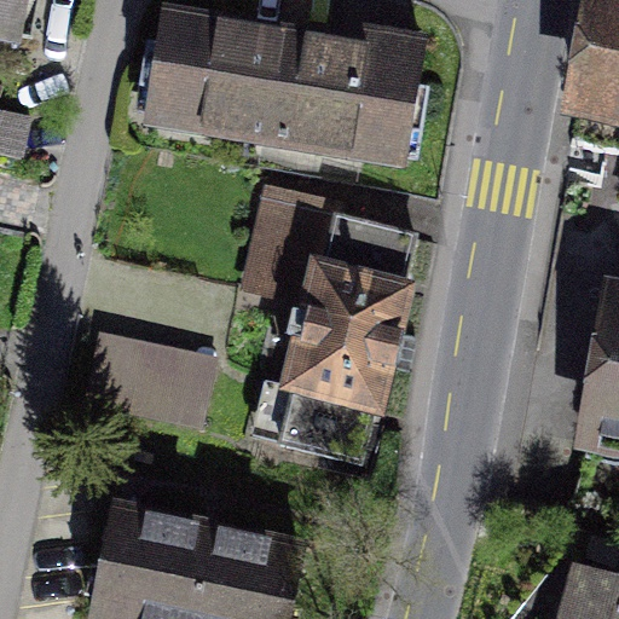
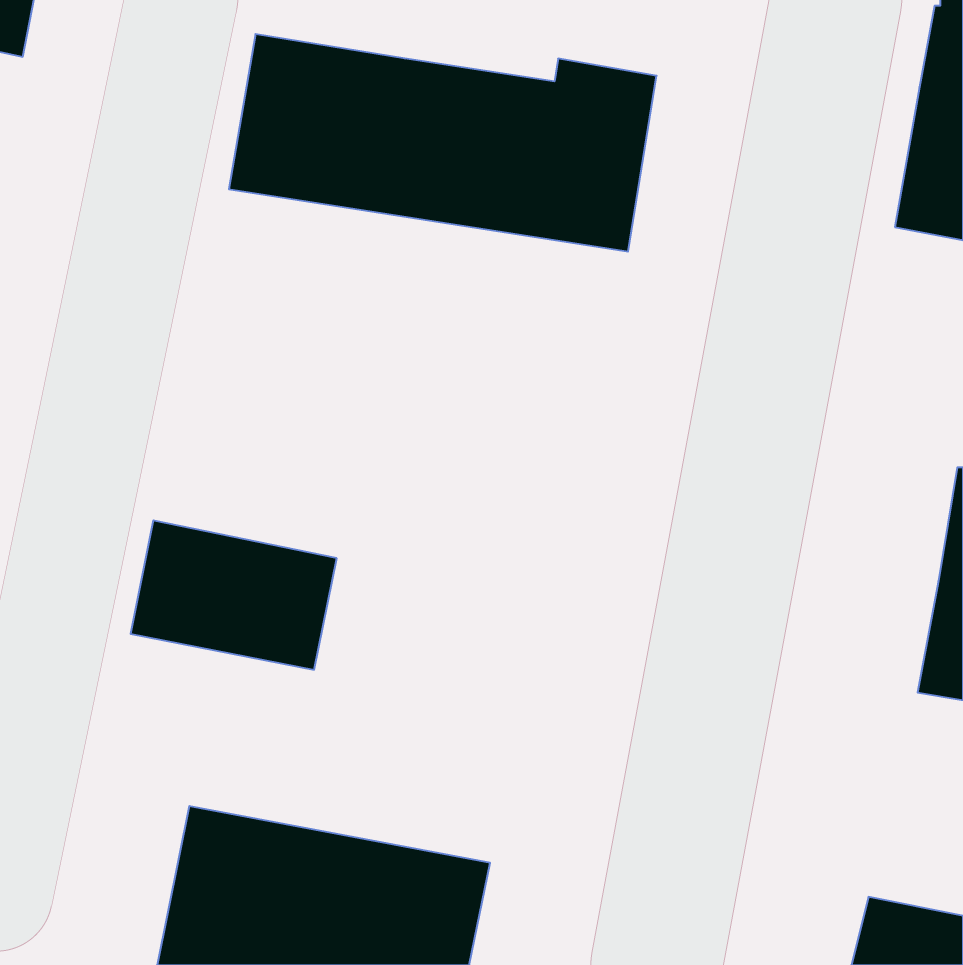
building: [250,192,410,462] -> none

